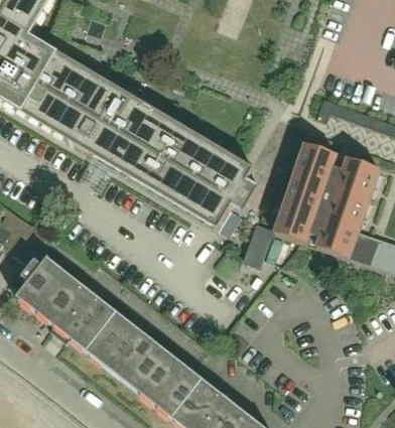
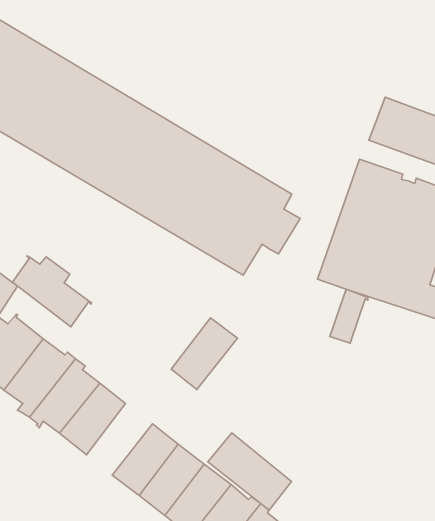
building: none -> [12,256,92,327]
building: [245,225,273,265] -> [330,289,368,343]
building: [101,324,150,378] -> [171,318,237,389]
building: none -> [208,433,292,510]

